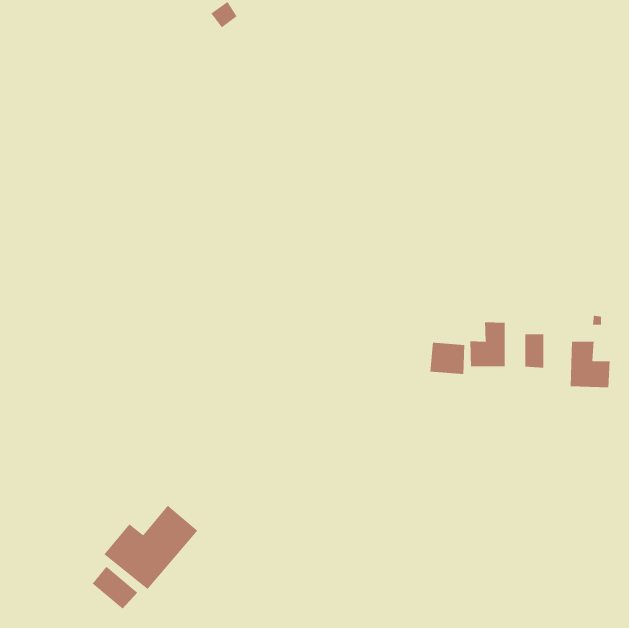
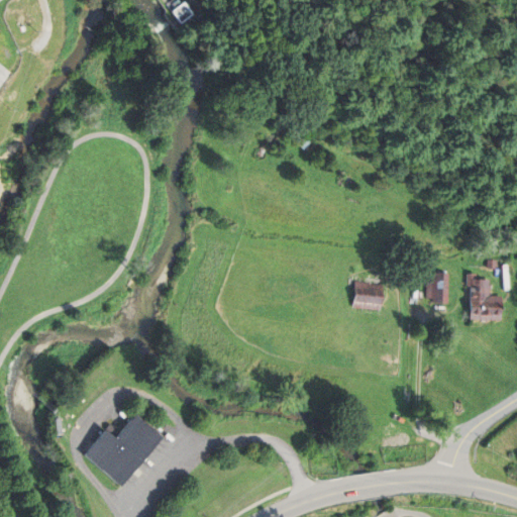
building: [470,322,505,367] -> none
building: [92,566,138,610] -> none

